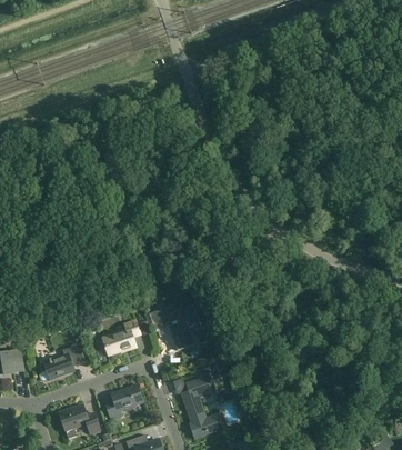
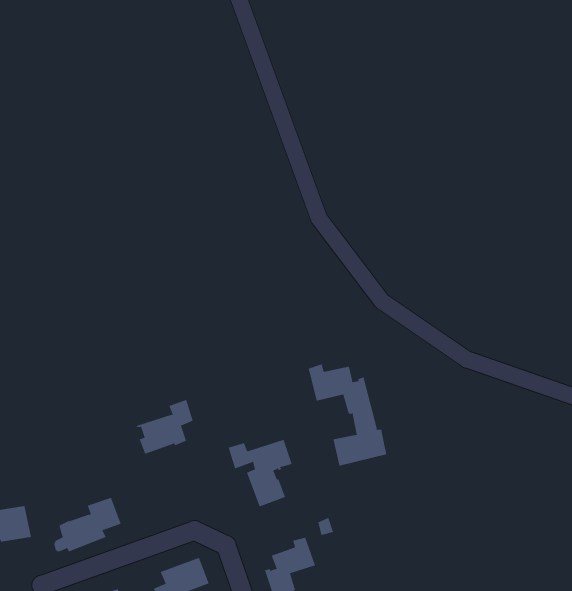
building: none -> [308,364,387,466]
building: [102,319,141,360] -> [135,399,194,461]

